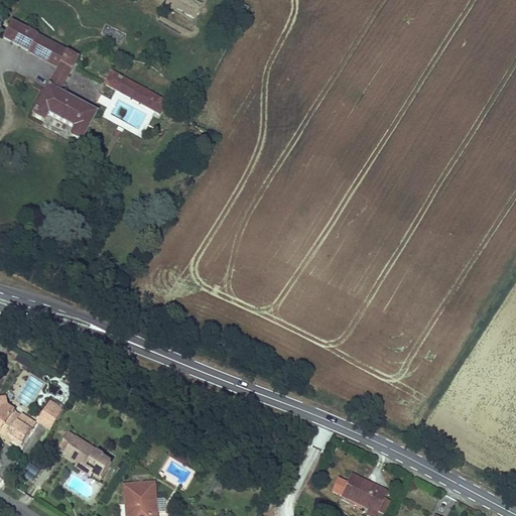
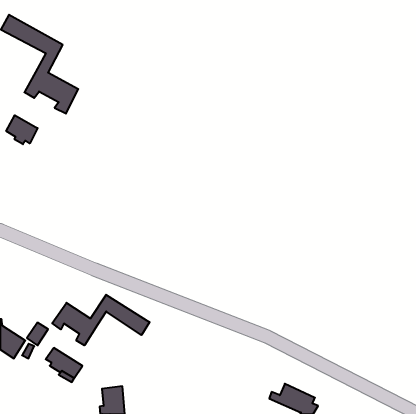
building: [104,68,170,111] -> none
building: none -> [6,115,38,144]
building: none -> [52,295,150,345]

